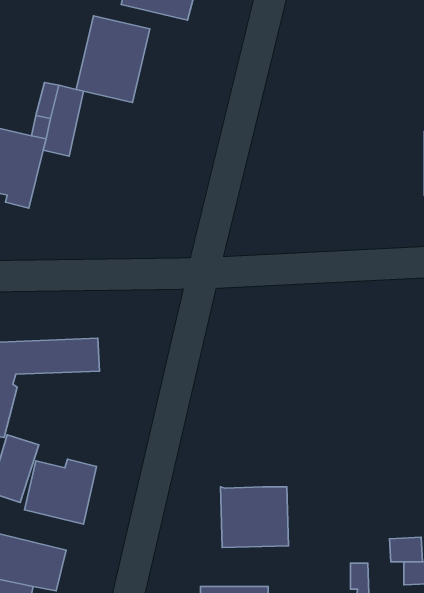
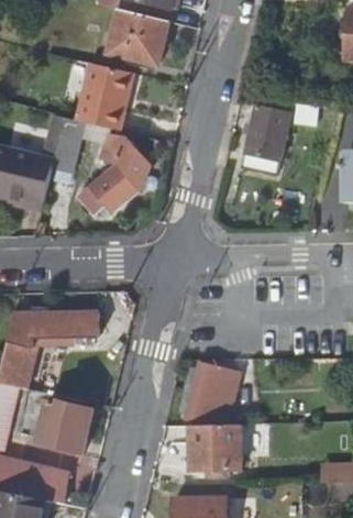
building: none -> [244,102,295,161]
building: none -> [75,133,150,222]
building: none -> [184,360,238,423]

